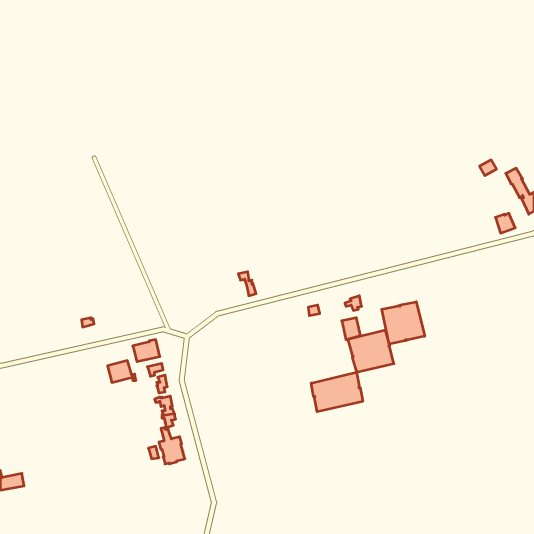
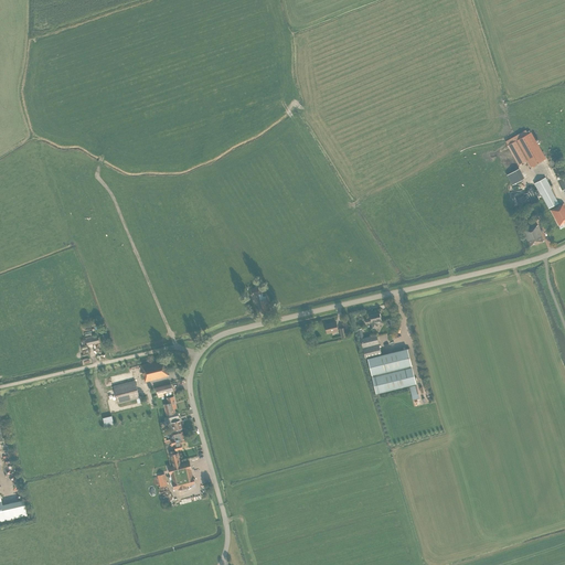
building: none -> [505,130,546,167]
building: [382,302,425,344] -> none
building: [311,372,363,412] -> none

